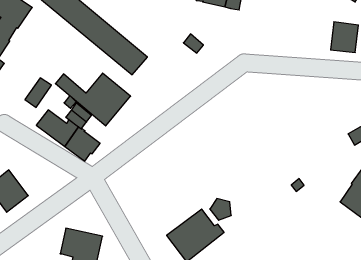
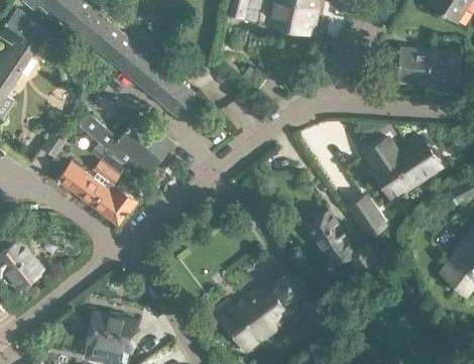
building: none -> [396,46,431,85]
building: none -> [364,138,440,200]
building: none -> [348,196,384,235]
building: none -> [307,210,381,278]

